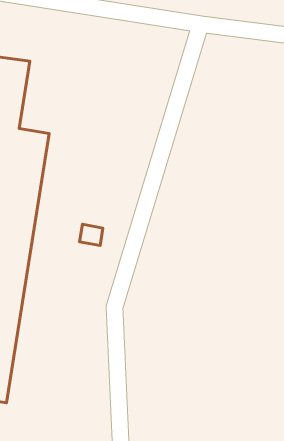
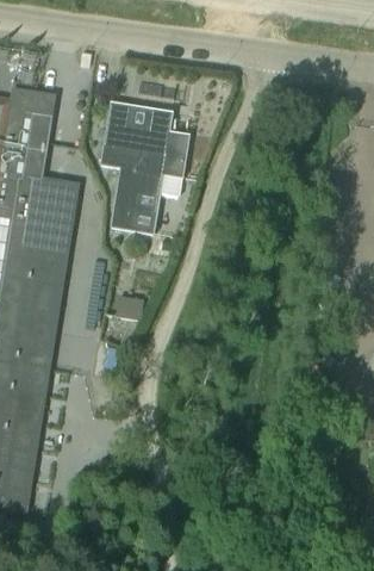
building: none -> [101,103,188,231]

